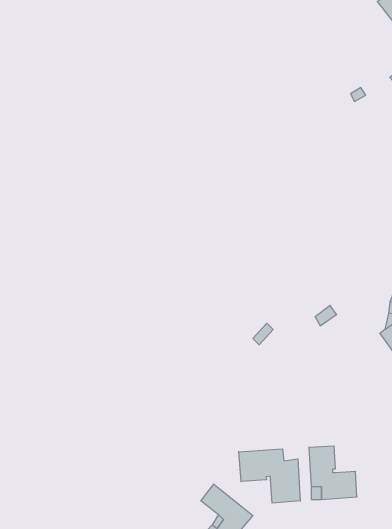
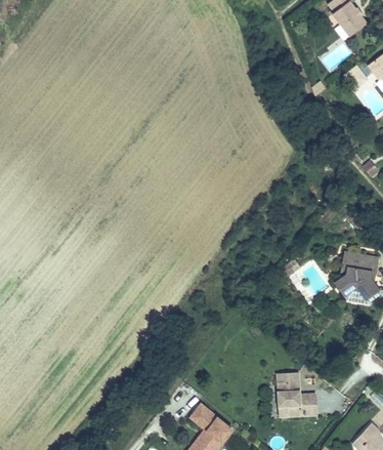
building: [239,449,300,503] -> none

